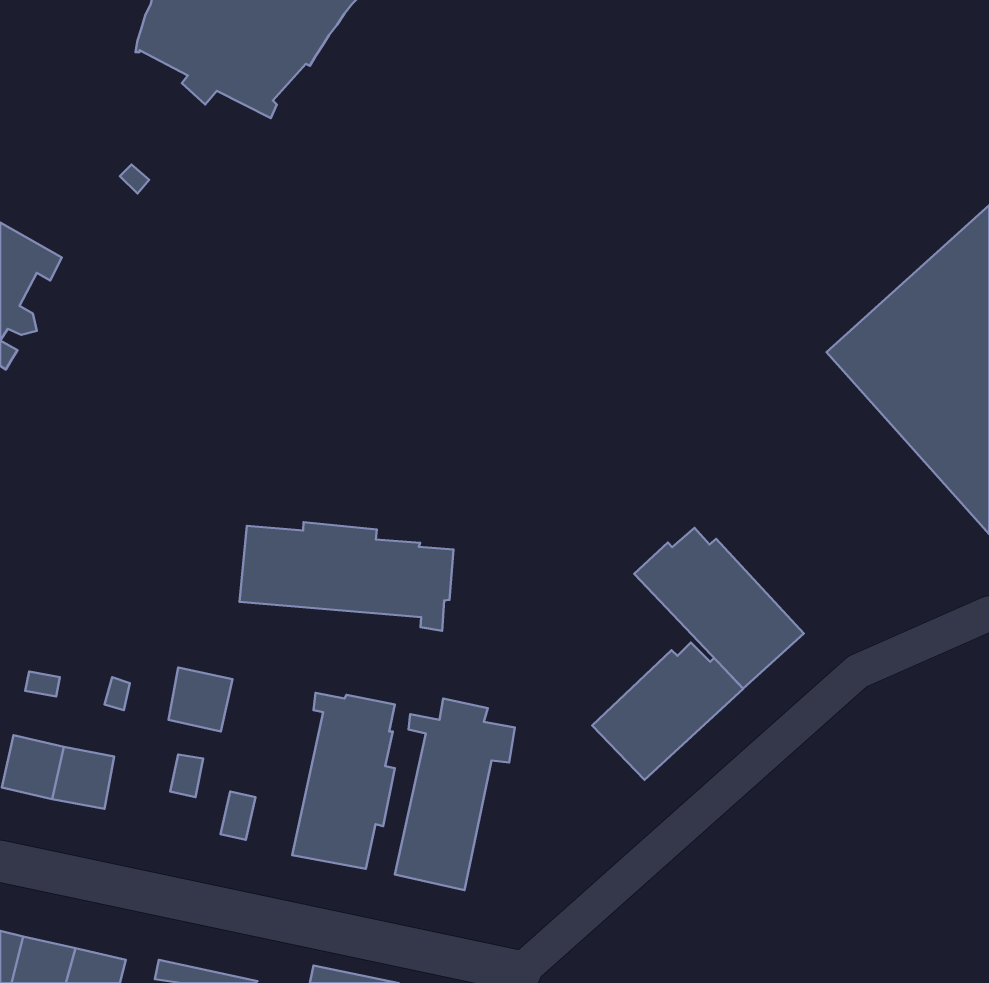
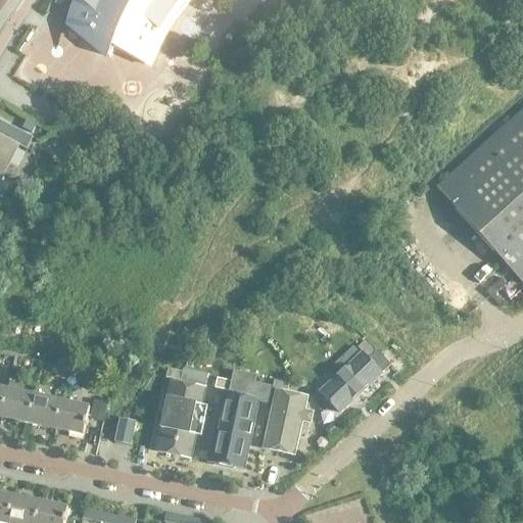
building: [240,522,453,631] -> none
building: [634,528,804,688] -> none
building: [169,668,232,731] -> [55,399,89,433]
building: none -> [262,379,315,456]

